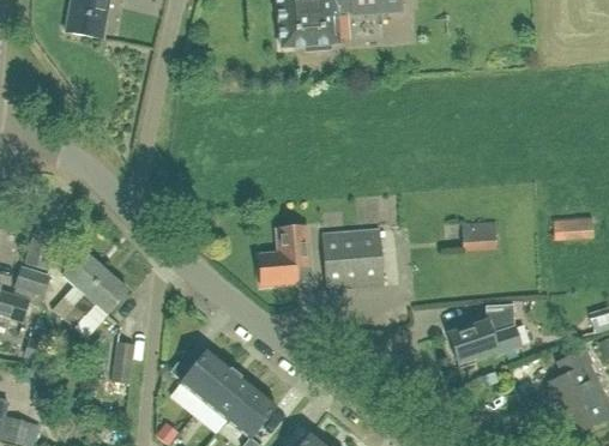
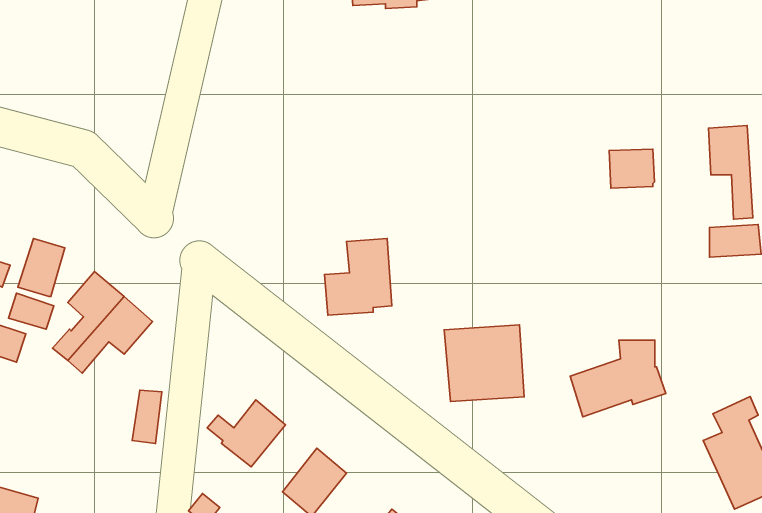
building: none -> [708,126,753,219]
building: [462,219,496,249] -> [609,149,655,188]
building: [322,229,384,288] -> [444,325,524,402]
building: [203,367,253,420] -> none

